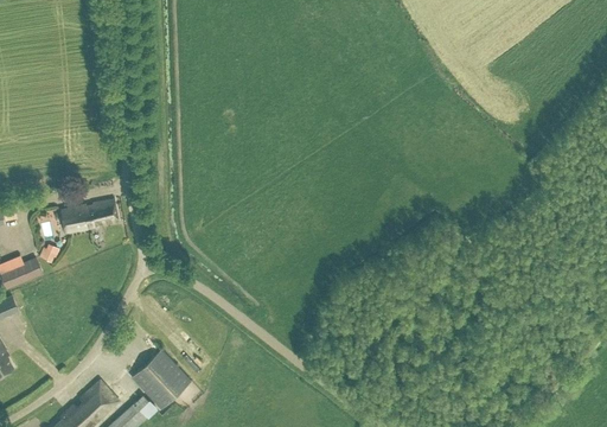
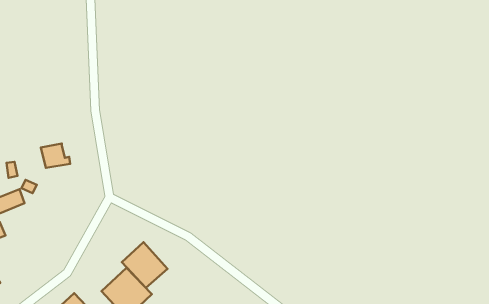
building: [84,197,119,227] -> none
building: none -> [122,242,168,288]

